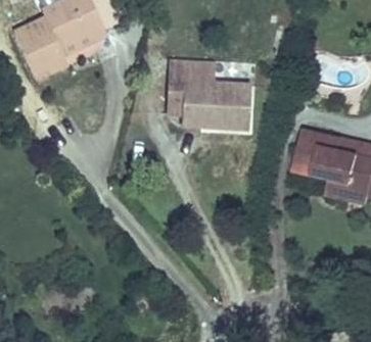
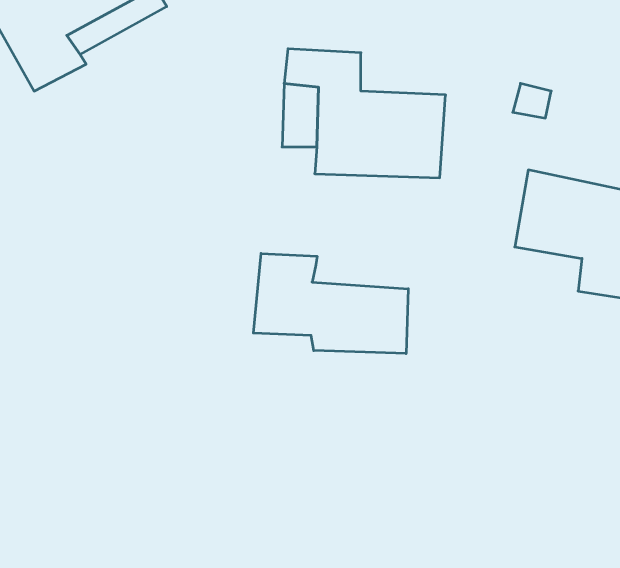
building: none -> [253,253,408,354]

